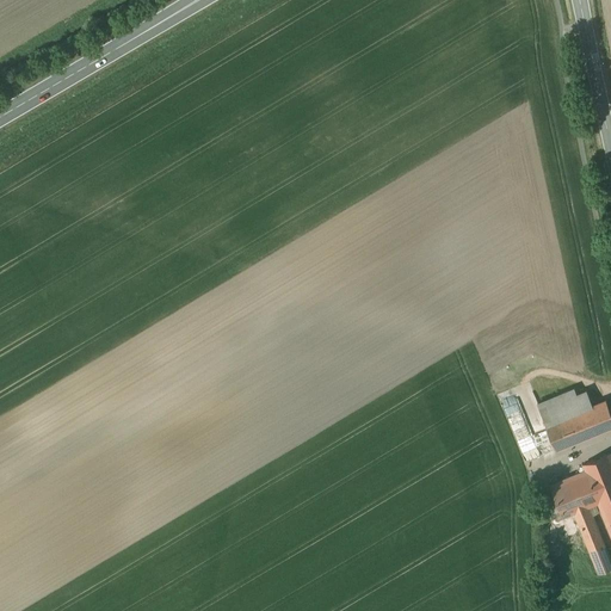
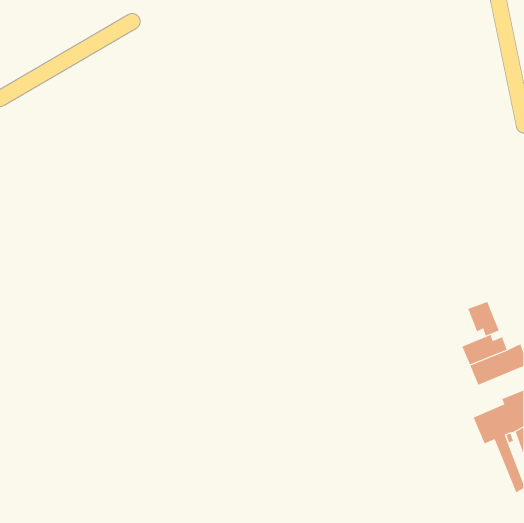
building: none -> [468,301,499,337]

